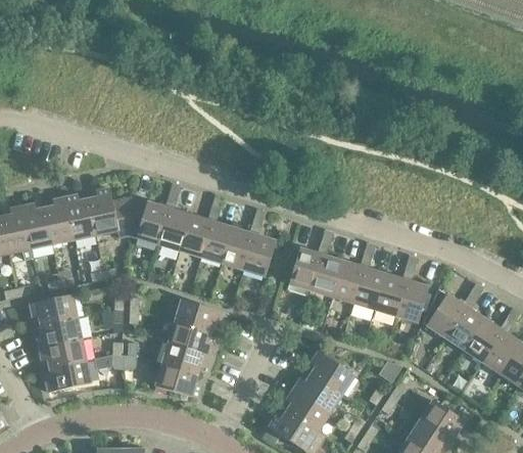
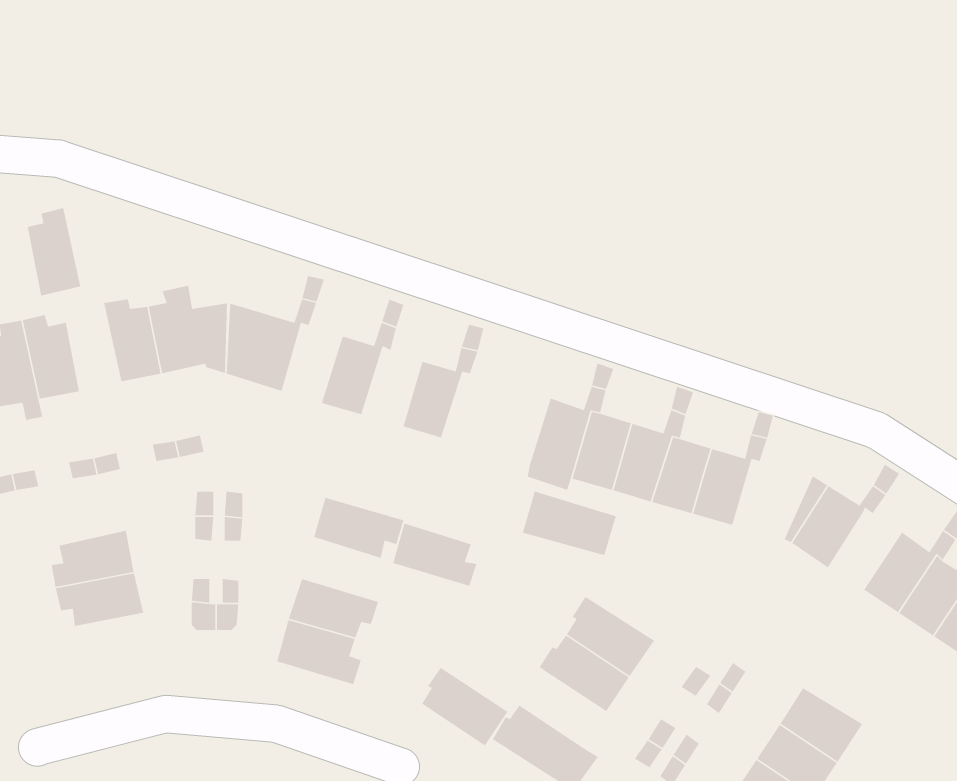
building: [45,196,74,243] -> [27,207,81,297]
building: [158,208,190,250] -> none
building: [200,220,232,262] -> none
building: [242,233,276,275] -> none
building: [395,279,428,321] -> none
building: [30,293,77,324] -> none
building: none -> [522,490,617,556]
building: [445,305,484,348] -> none
building: [169,320,213,354] -> [392,523,478,587]
building: [45,360,90,392] -> none
building: [283,389,329,431] -> [421,667,509,747]

